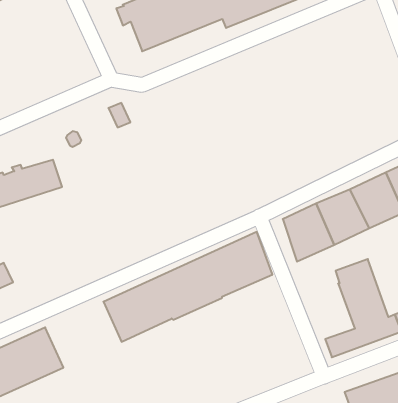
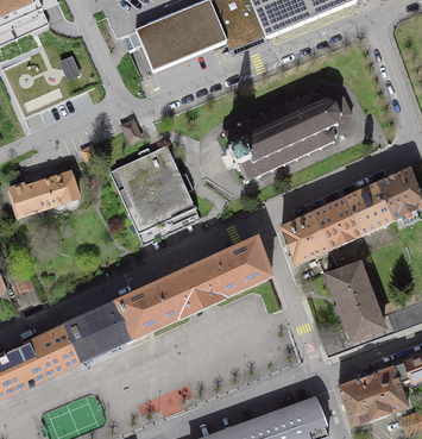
building: none -> [222,89,351,182]
building: none -> [109,145,197,239]
building: none -> [63,302,133,363]

